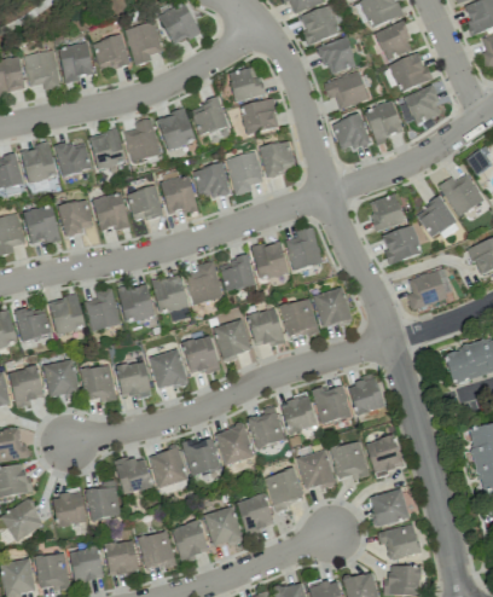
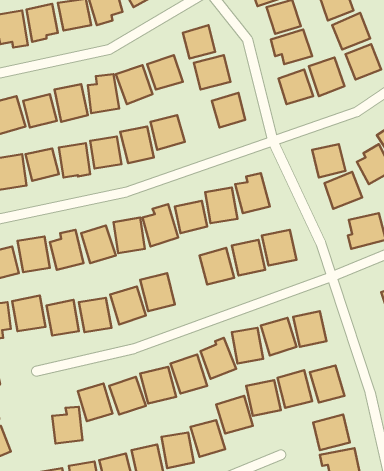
building: [226,150,263,195] -> none
building: [213,319,253,359] -> none
building: [52,491,86,527] -> none

